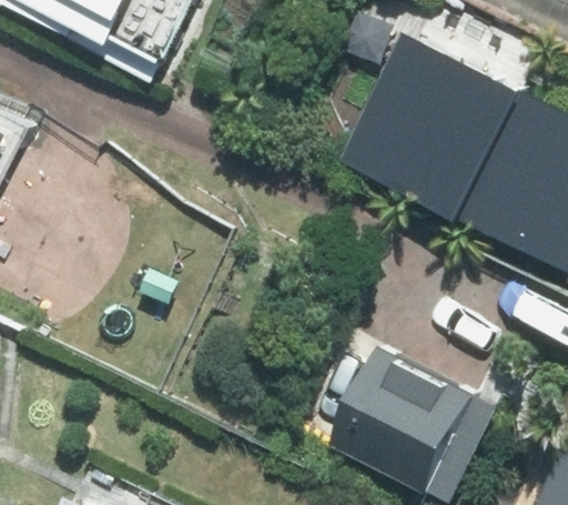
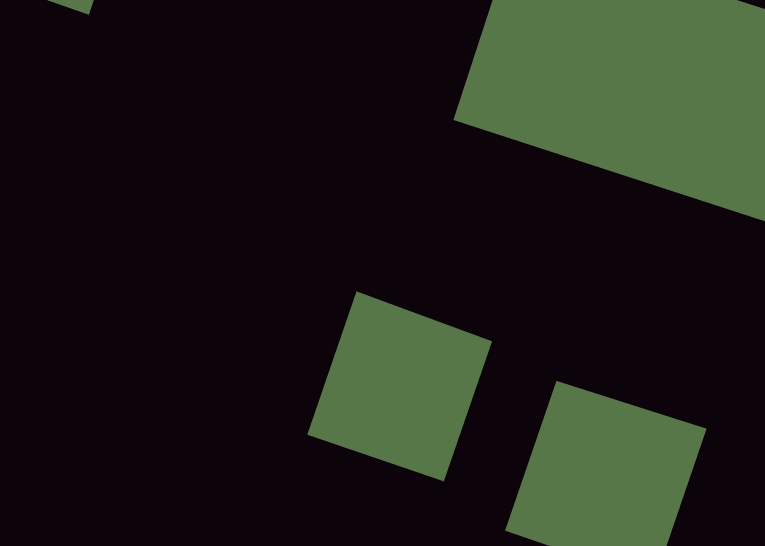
building: none -> [307,290,493,482]

